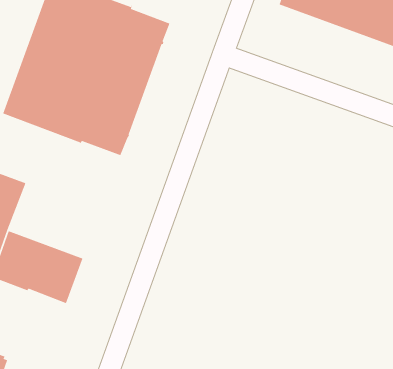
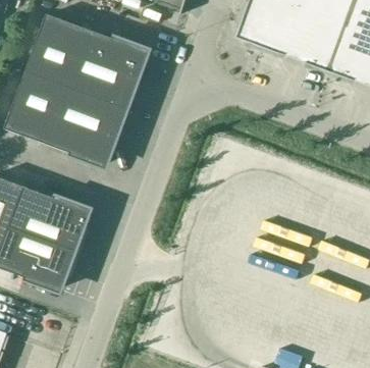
building: none -> [10,187,88,250]

